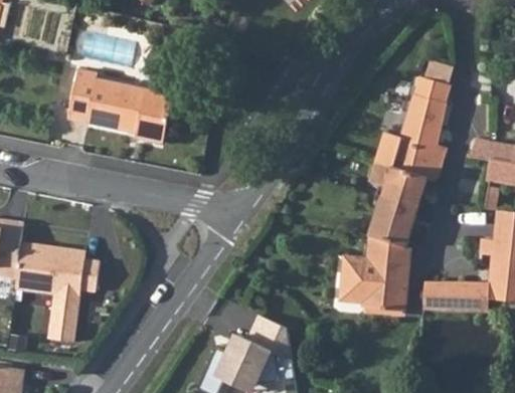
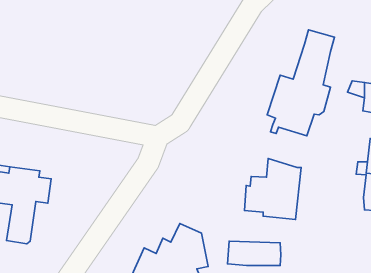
building: [68,69,173,143] -> none
building: [369,196,417,246] -> none
building: [422,281,489,312] -> [228,241,281,265]

